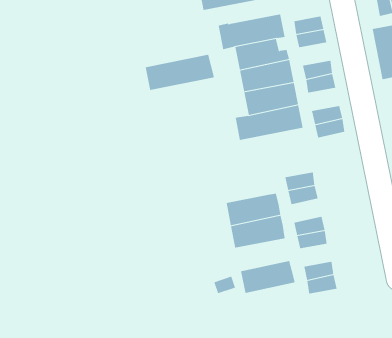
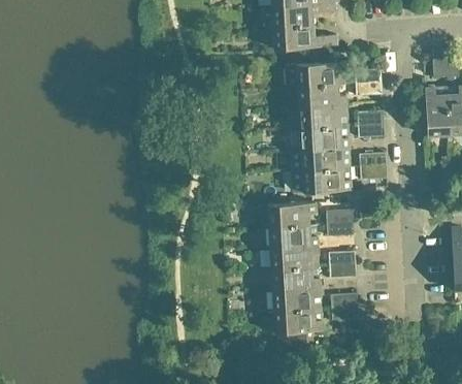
building: [145,54,215,90] -> [290,168,352,193]
building: none -> [268,202,316,226]
building: none -> [271,266,320,290]
building: none -> [274,308,323,345]

